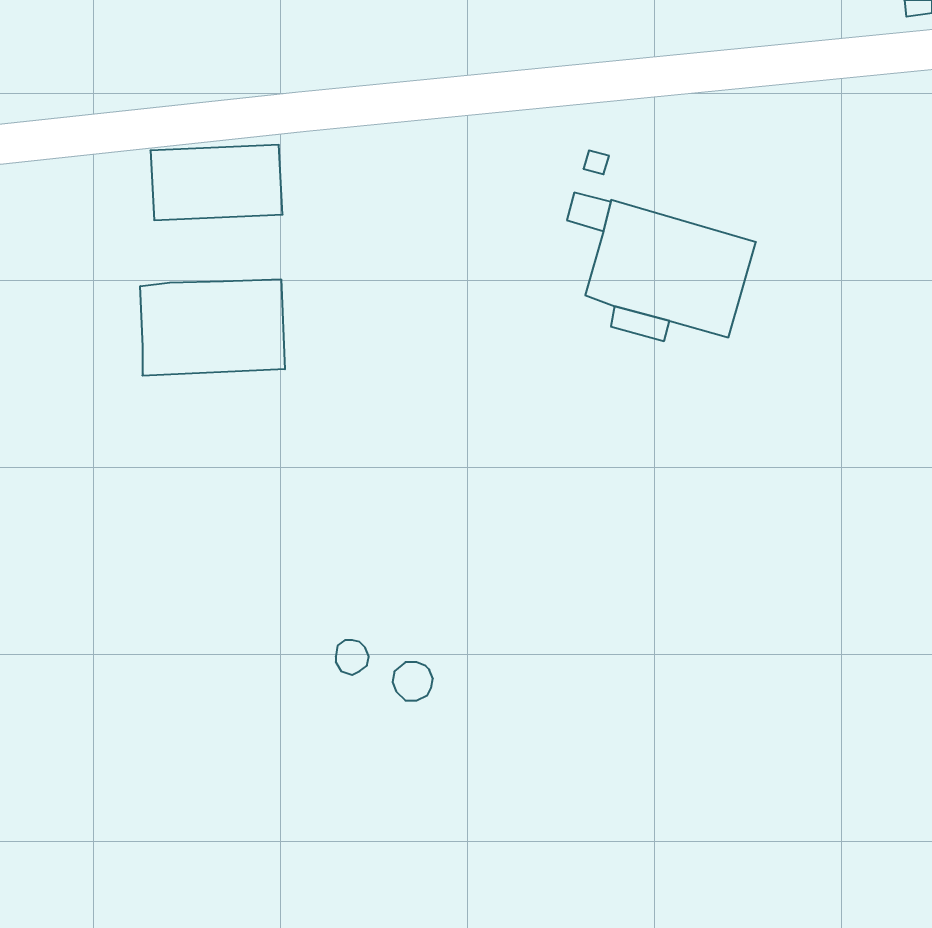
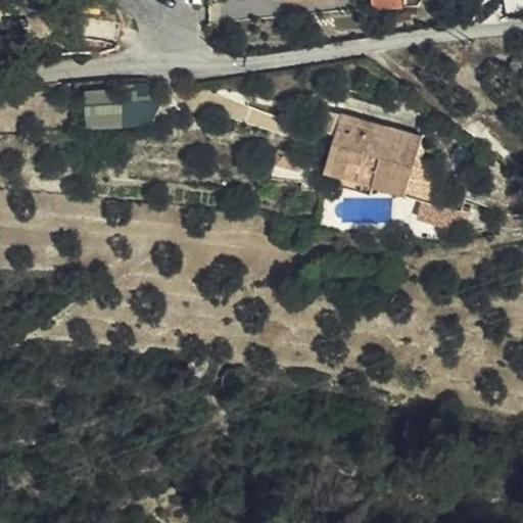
building: [140,279,285,376] -> none

